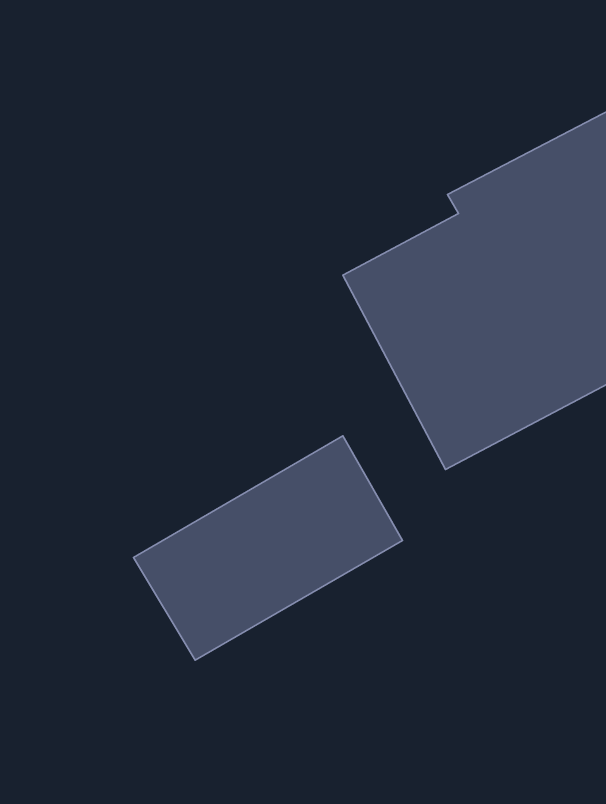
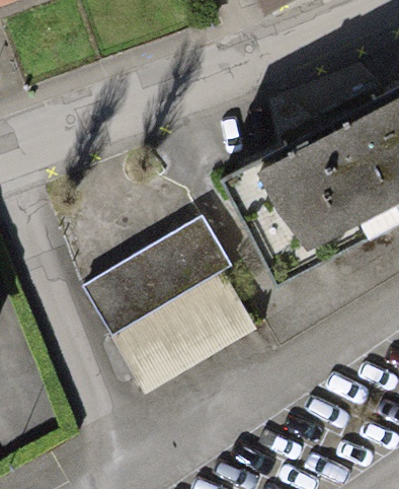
building: none -> [82,212,230,334]

